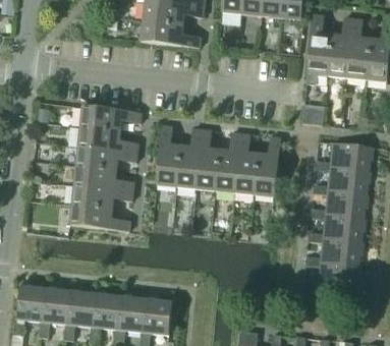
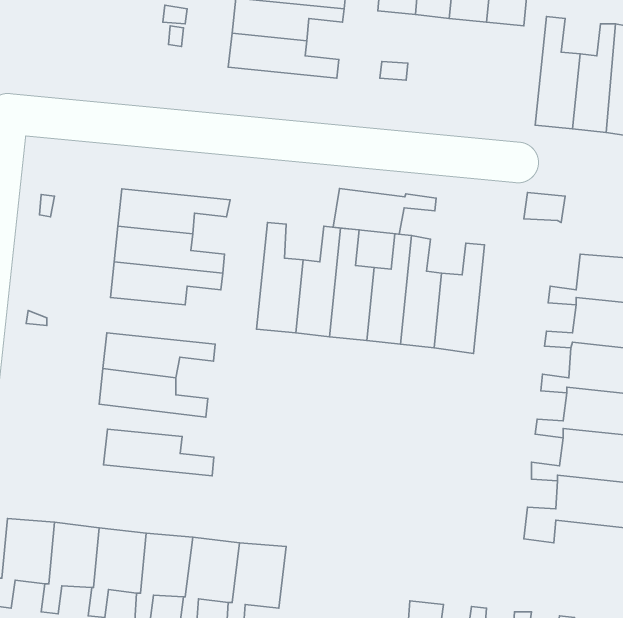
building: none -> [333,188,436,234]
building: [74,166,134,191] -> [104,429,214,476]

